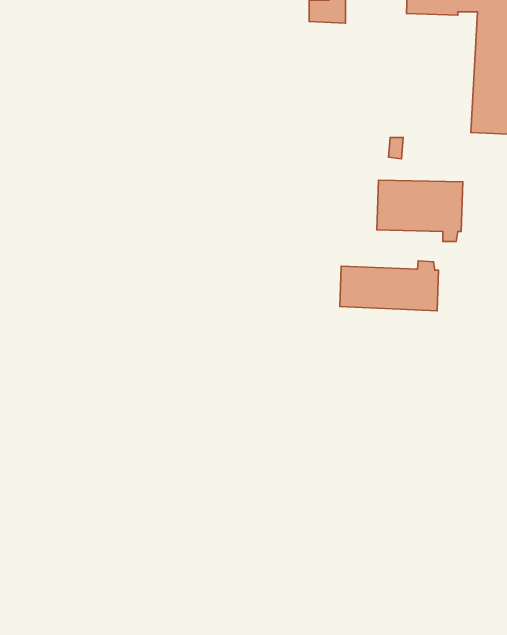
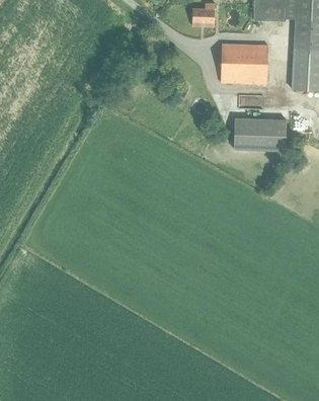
building: none -> [222,45,267,84]
building: [340,261,439,311] -> none

